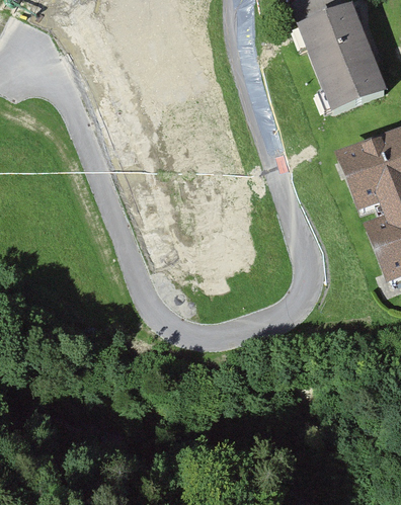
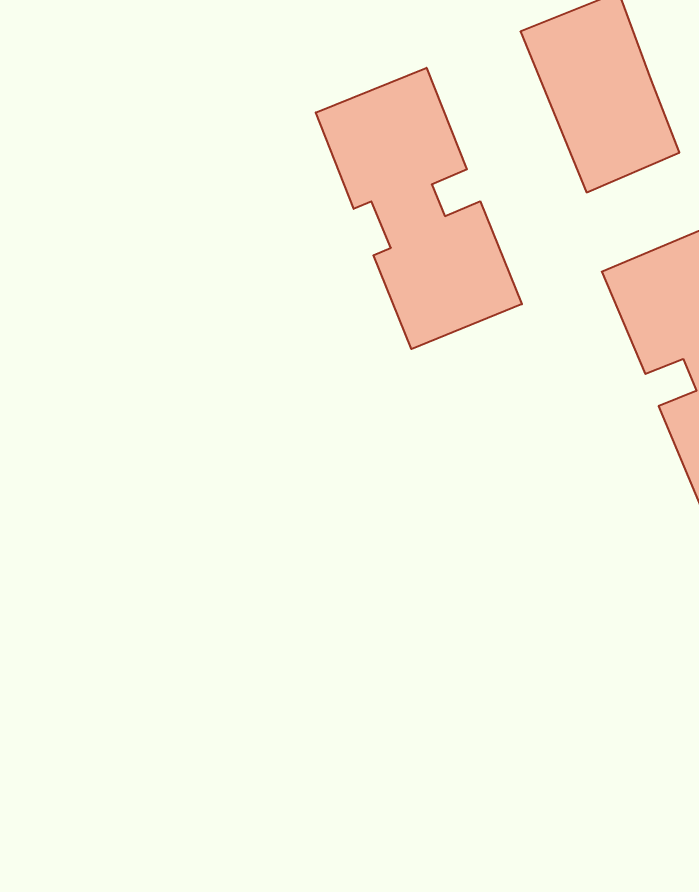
building: none -> [316,68,522,349]

